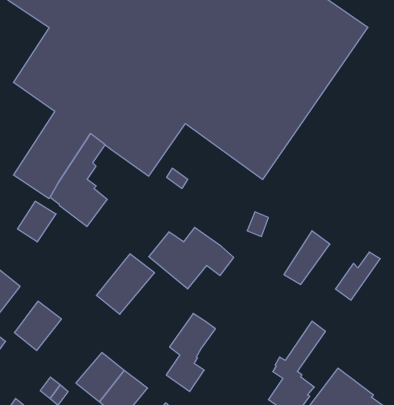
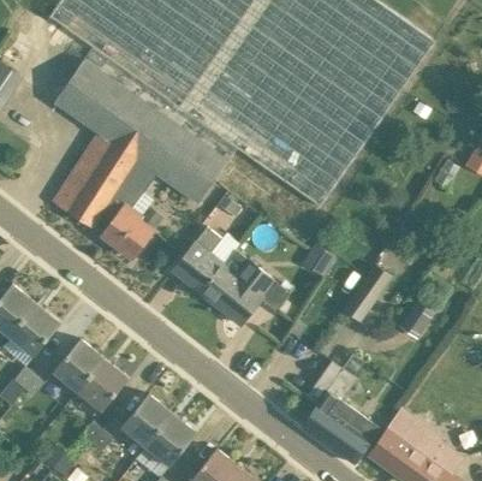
building: [17,201,56,242] -> none
building: [96,254,155,314] -> [172,225,234,290]
building: [166,313,215,392] -> [302,360,355,444]
building: none -> [78,357,129,411]

